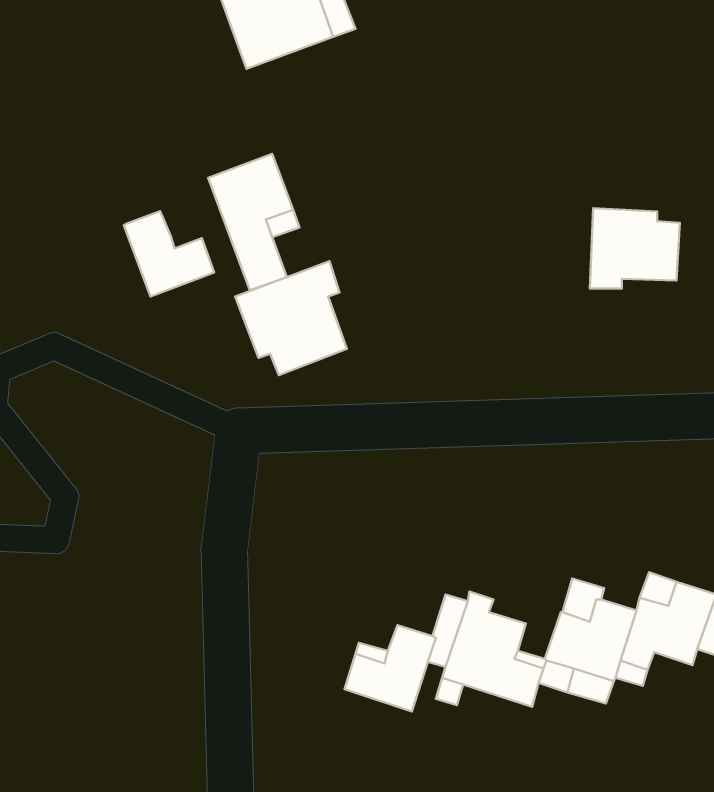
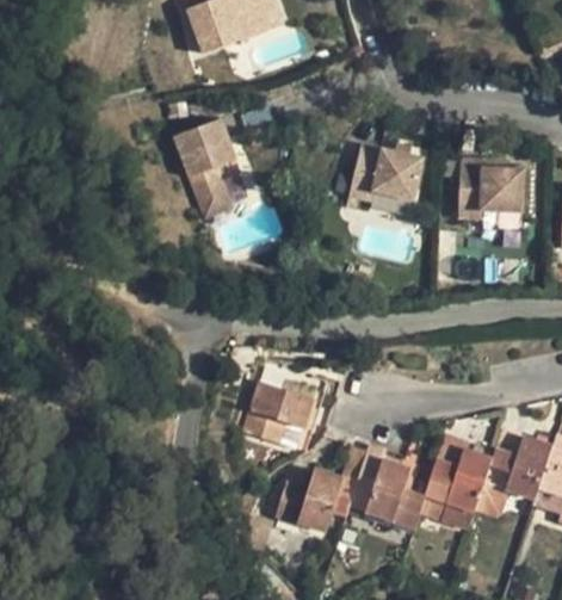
building: none -> [348,144,424,202]
building: [124,211,214,297] -> none
building: [235,261,347,375] -> none
building: none -> [242,381,314,450]

